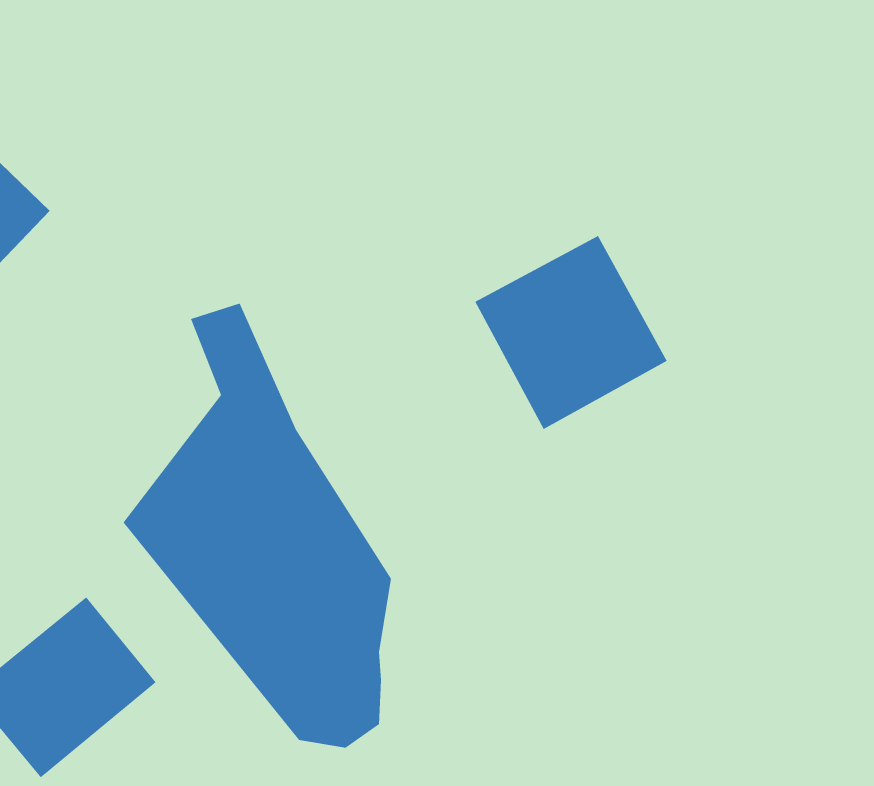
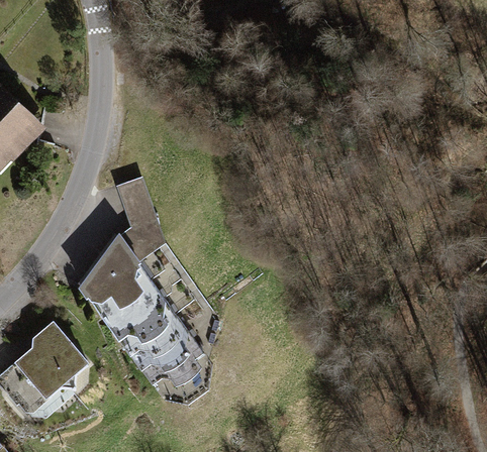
building: [475,235,668,430] -> none

